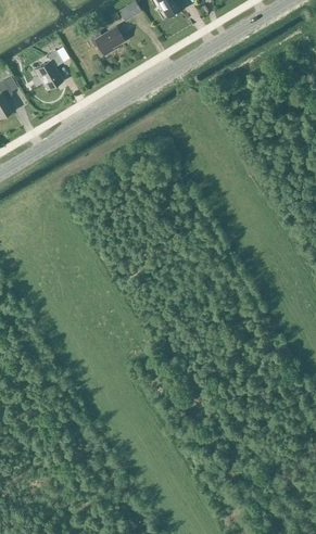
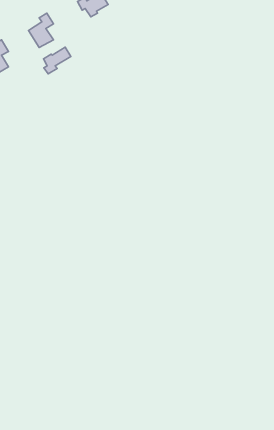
building: none -> [44,47,71,74]

